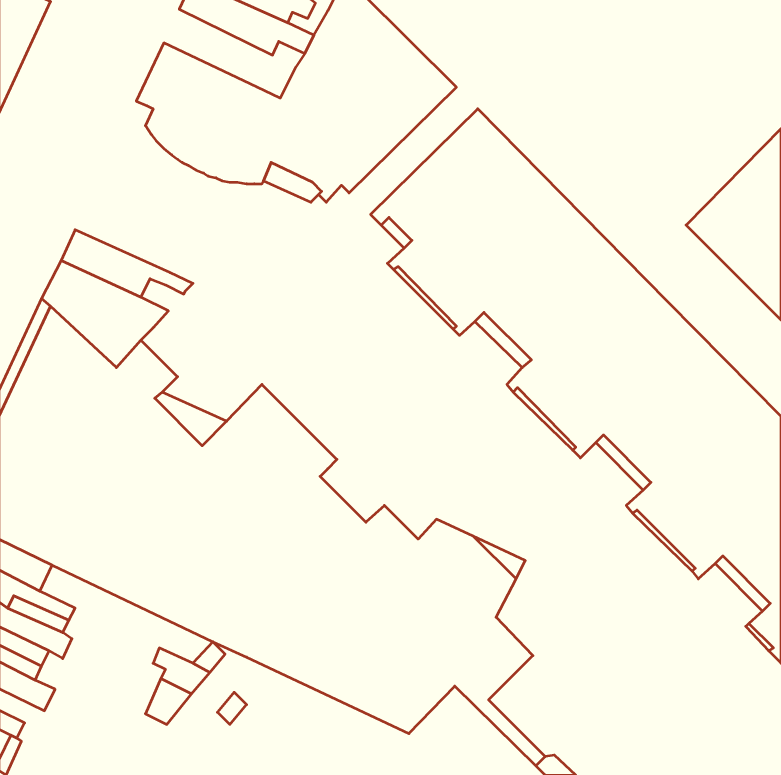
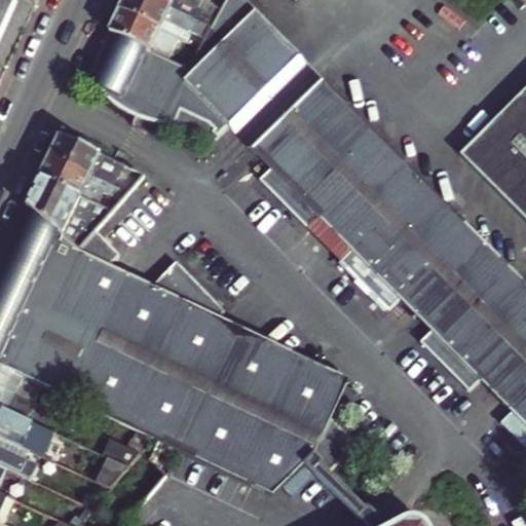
building: none -> [110,6,183,59]
building: none -> [50,133,123,183]
building: none -> [215,314,293,362]

